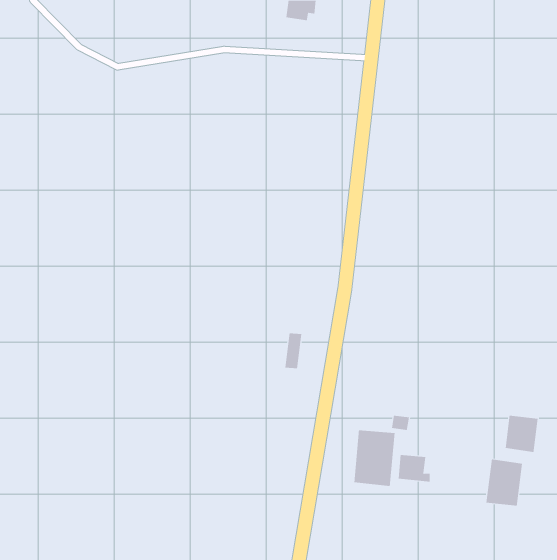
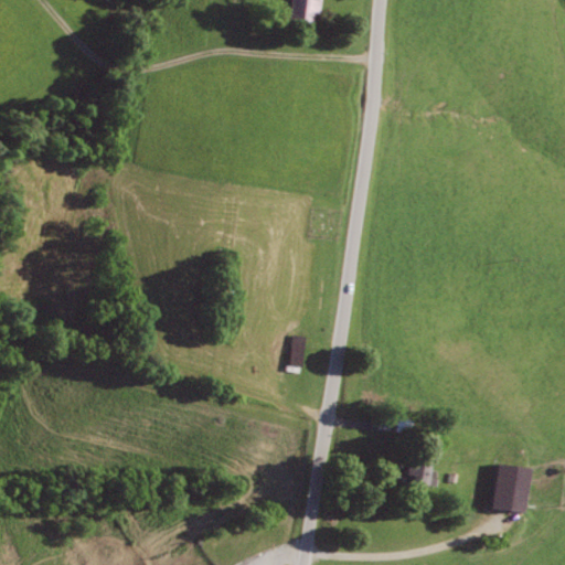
building: [505,415,538,453] -> none
building: [354,430,395,487] -> none

